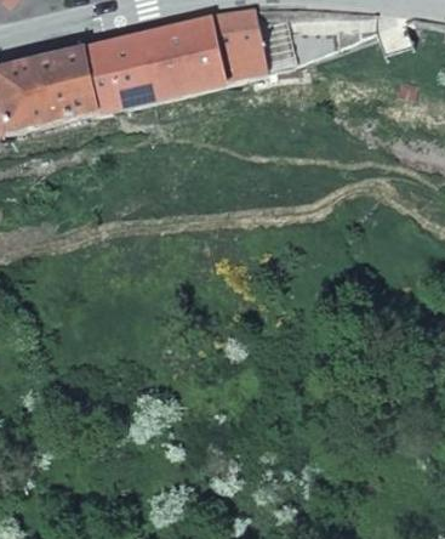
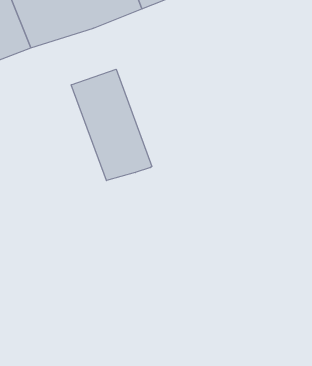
building: none -> [71,69,152,181]

